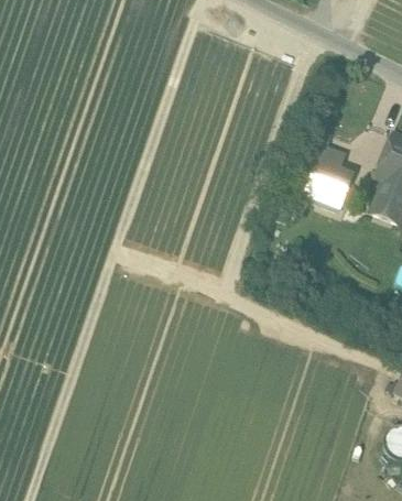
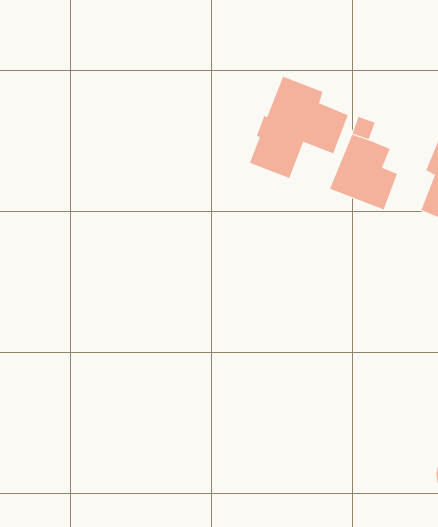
building: none -> [249,76,348,179]

